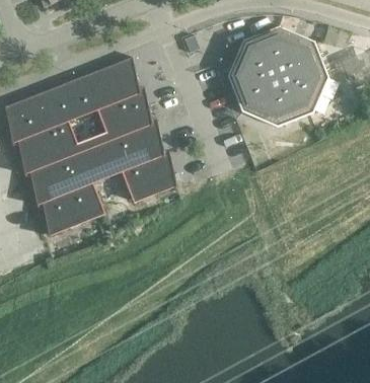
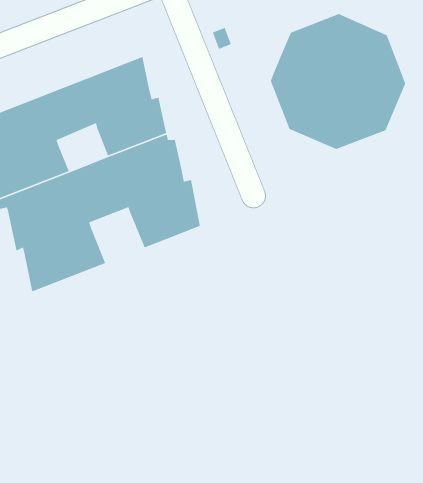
building: [68,109,105,145] -> none

